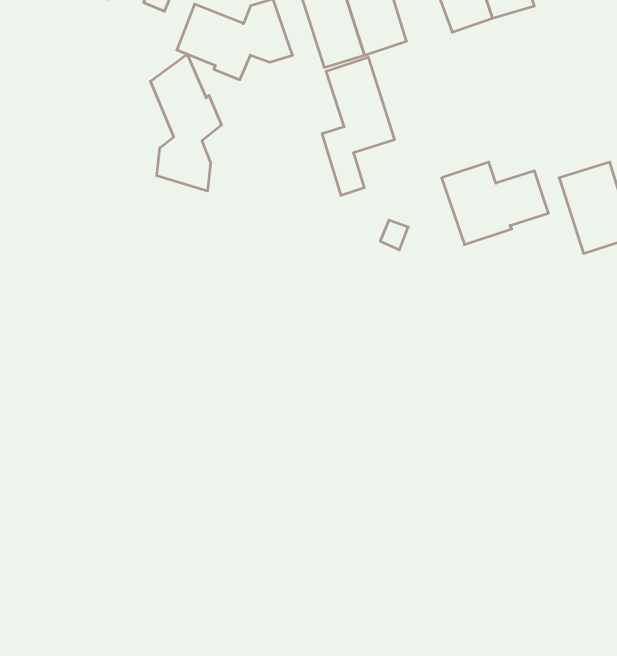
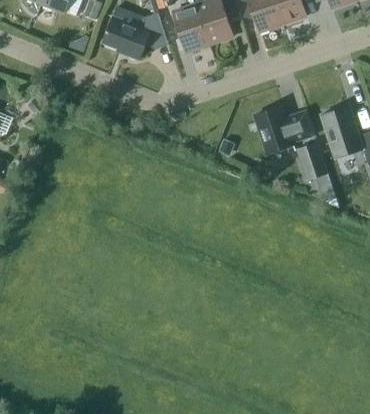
building: [150,54,222,191] -> none
building: [322,57,394,196] -> none
building: none -> [295,142,331,190]

